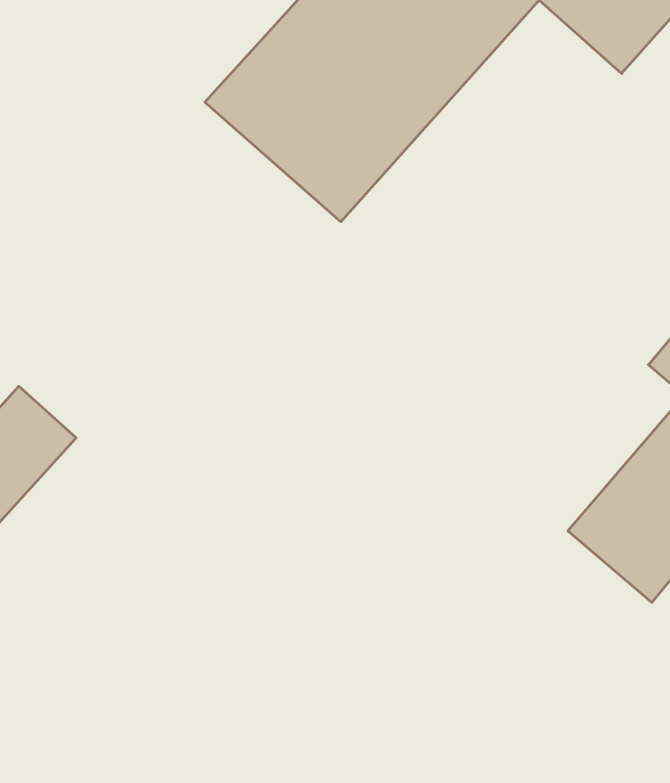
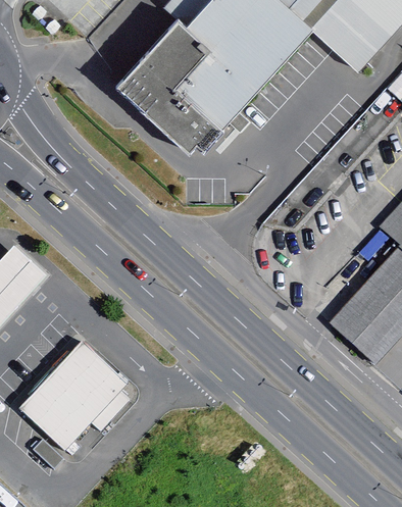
building: none -> [19,340,131,455]

